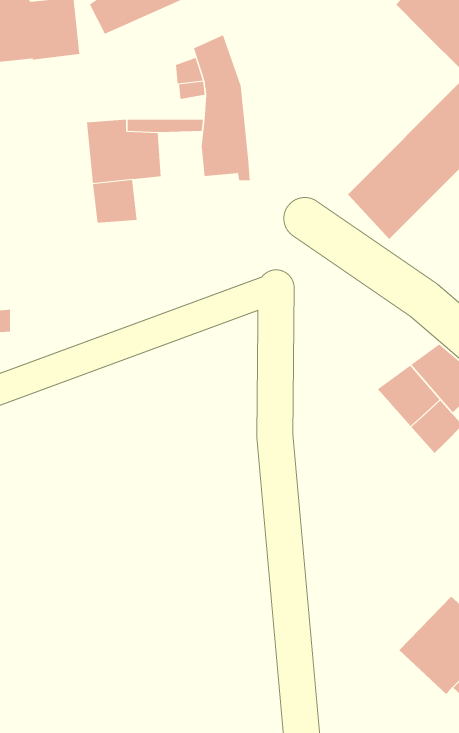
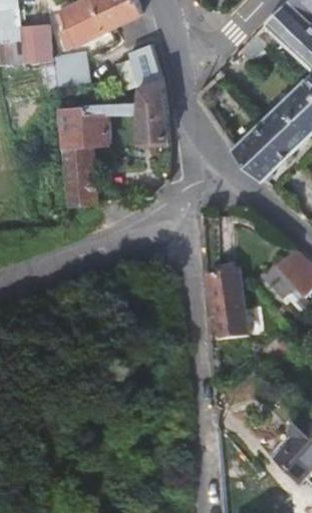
building: none -> [54,45,89,83]
building: none -> [66,167,96,203]
building: none -> [209,270,249,340]

